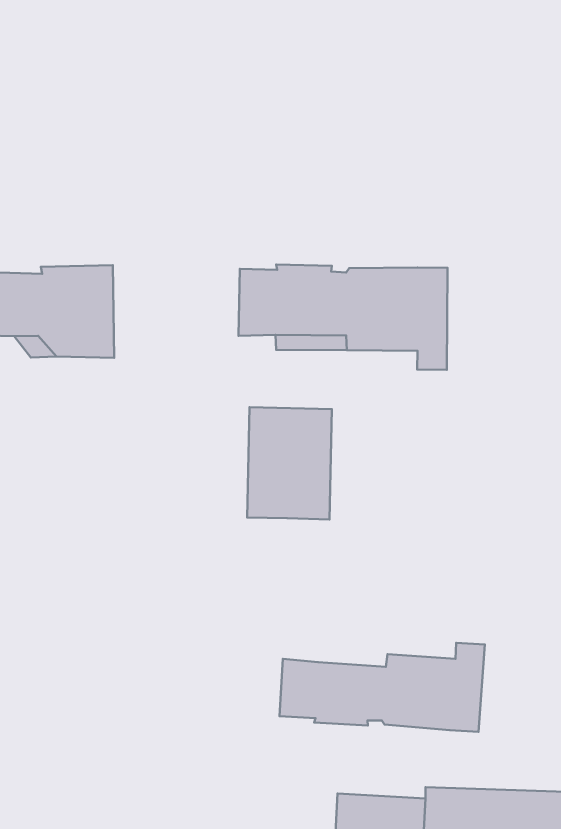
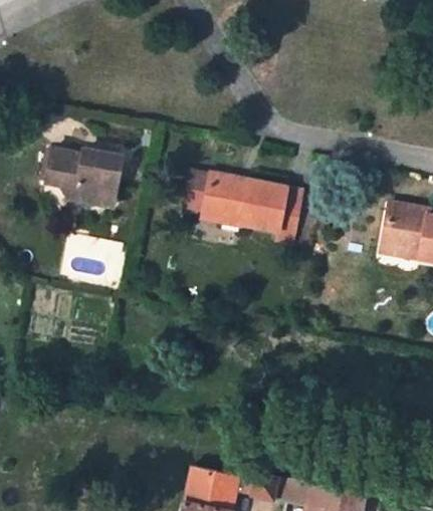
building: [247,407,332,519] -> none
building: [280,643,485,732] -> none

